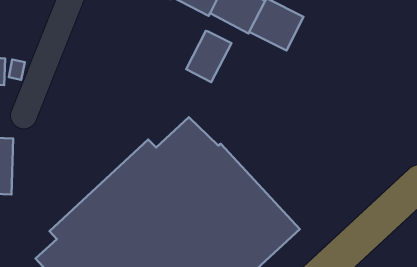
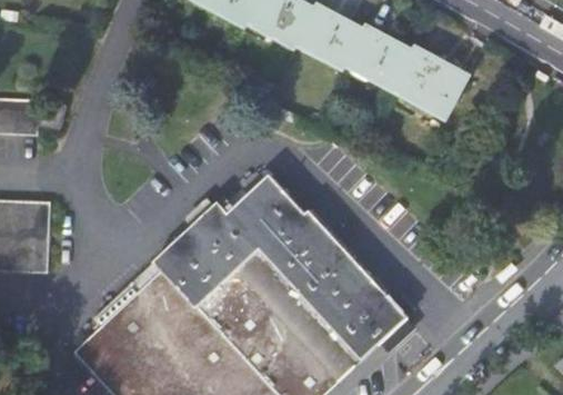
building: none -> [391,46,468,118]
building: [186,31,232,82] -> none

